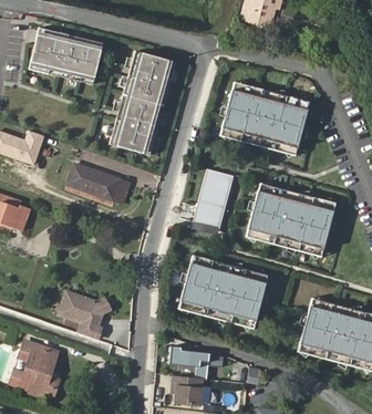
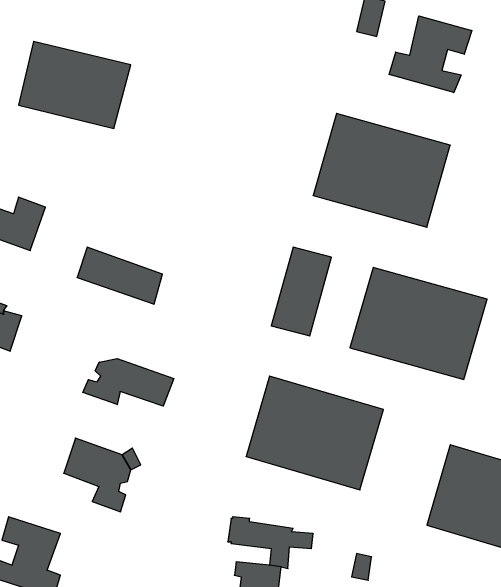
building: none -> [389,16,472,93]
building: [107,53,174,157] -> none
building: none -> [83,359,174,406]

